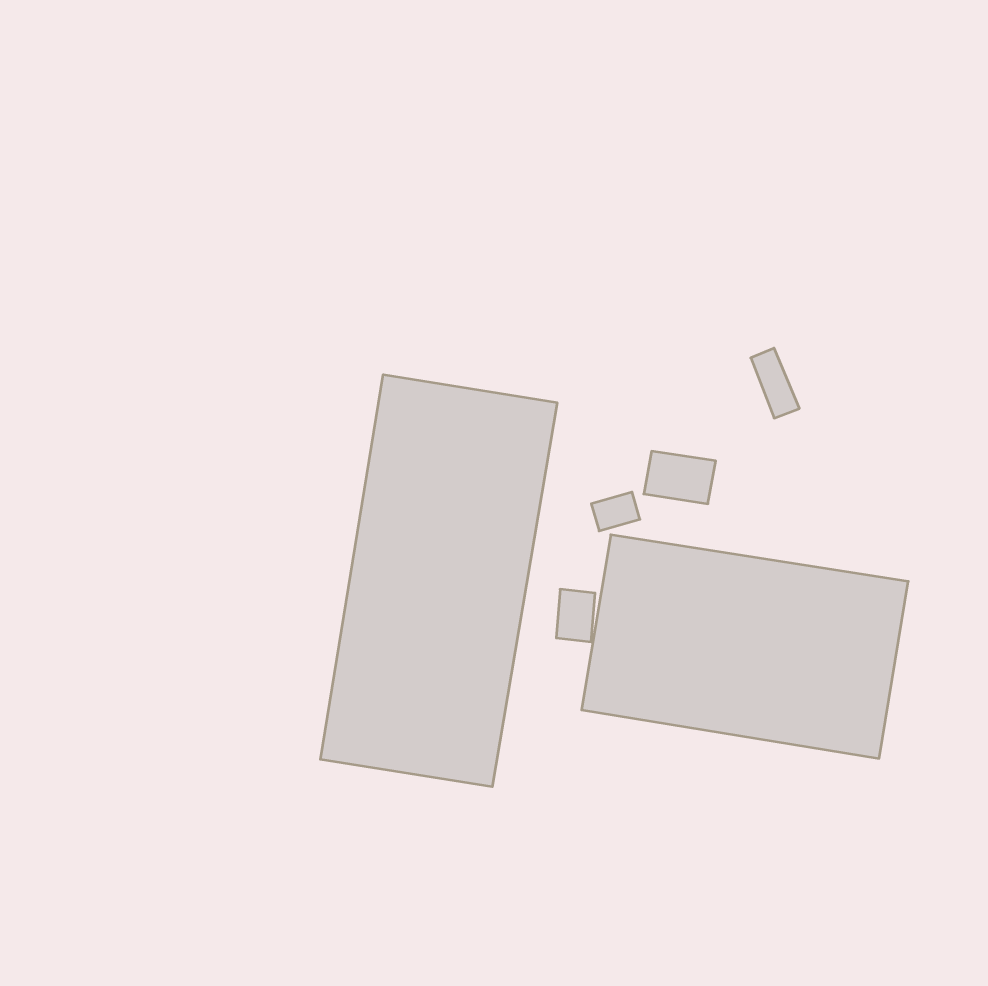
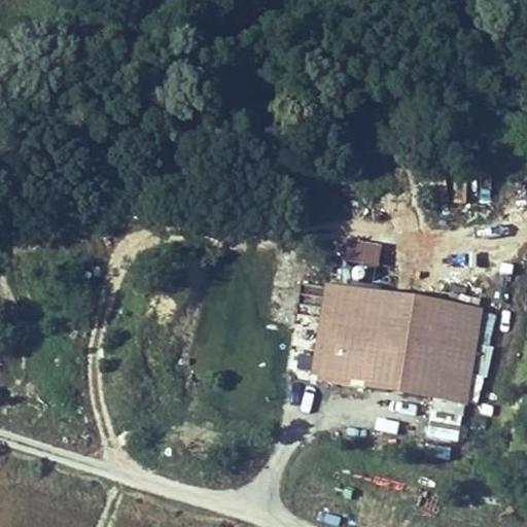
building: [320,375,557,787] -> none

